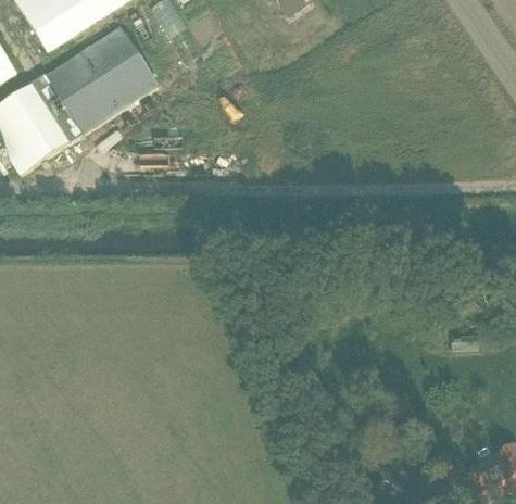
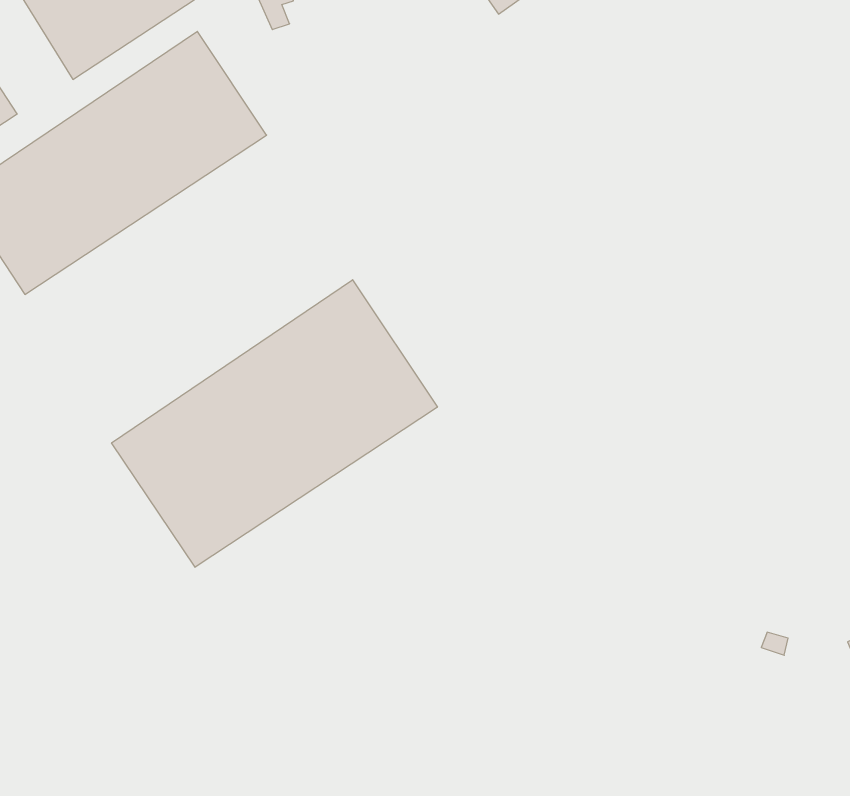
building: none -> [112,280,437,567]

